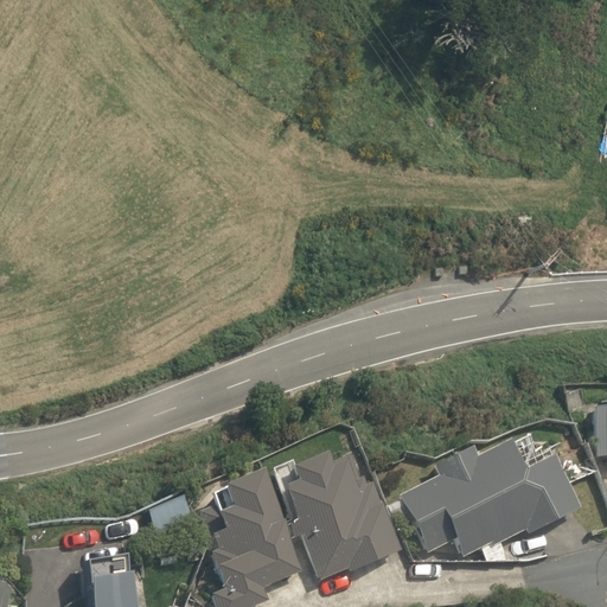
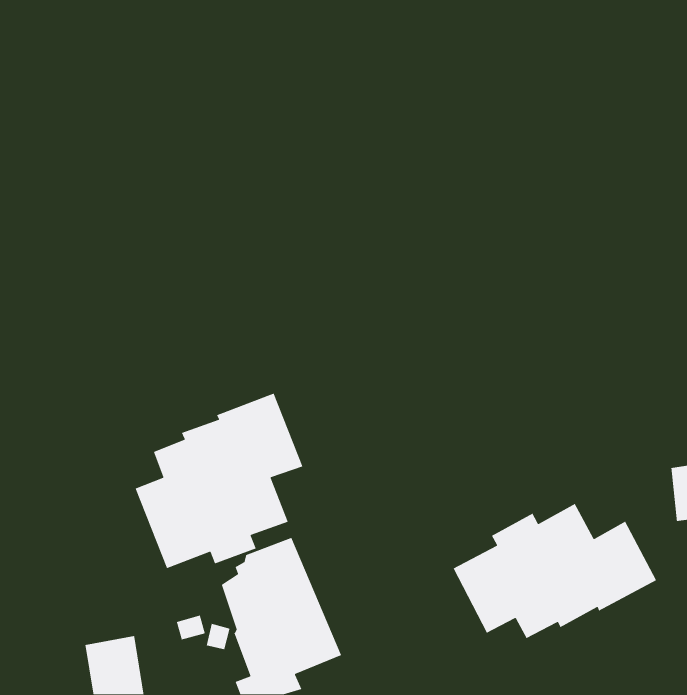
building: none -> [134,392,304,569]
building: [283,452,398,579] -> none

